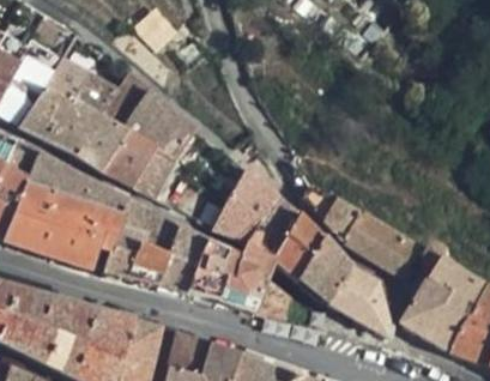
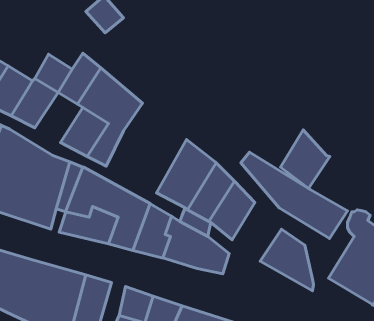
building: [44,56,90,102] -> none
building: [74,115,128,171] -> none
building: [296,238,351,304] -> [281,130,330,188]

